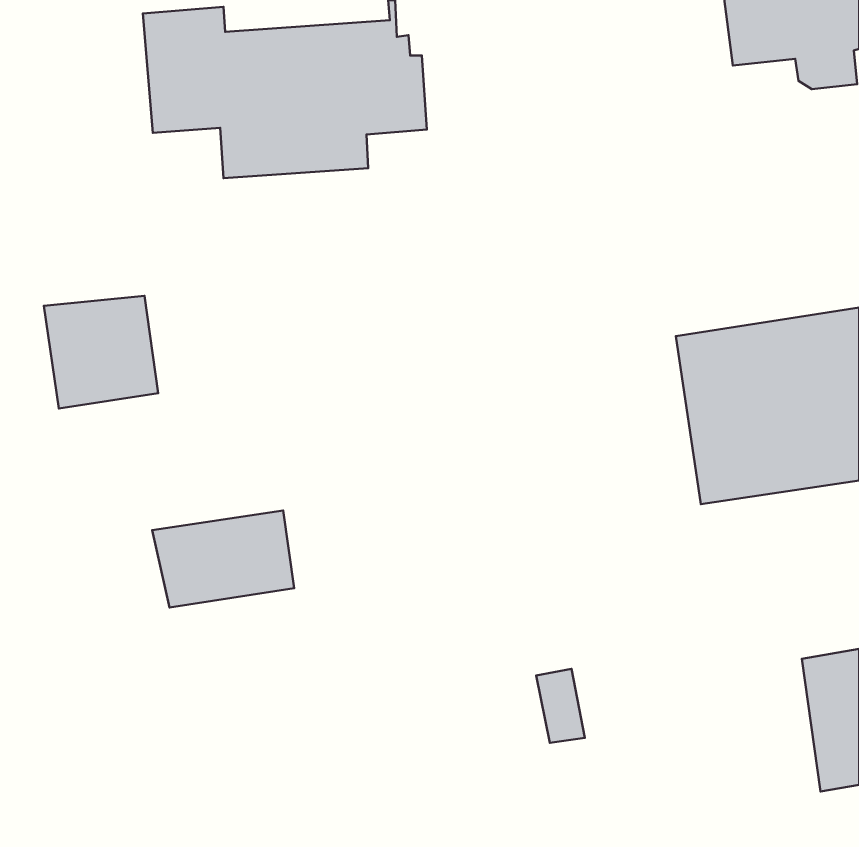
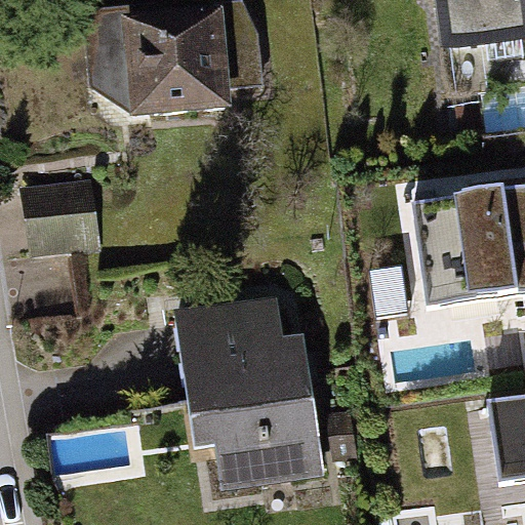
building: none -> [176,305,322,483]
building: [152,511,294,607] -> none

